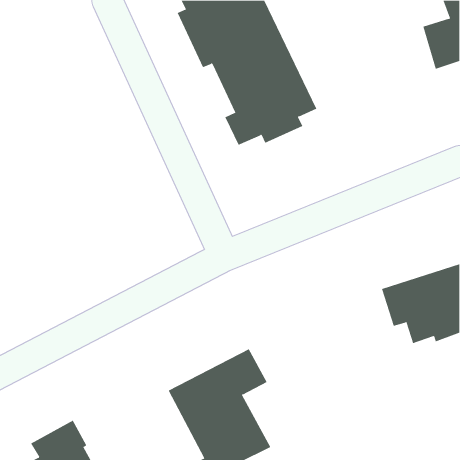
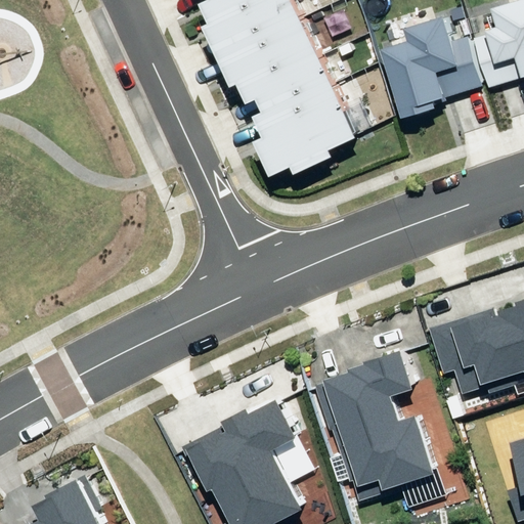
building: none -> [384,18,478,118]
building: none -> [316,350,435,503]

